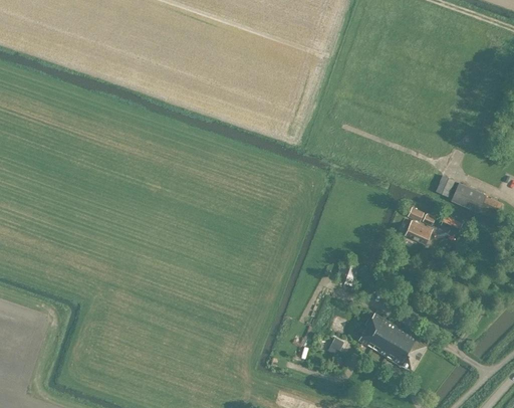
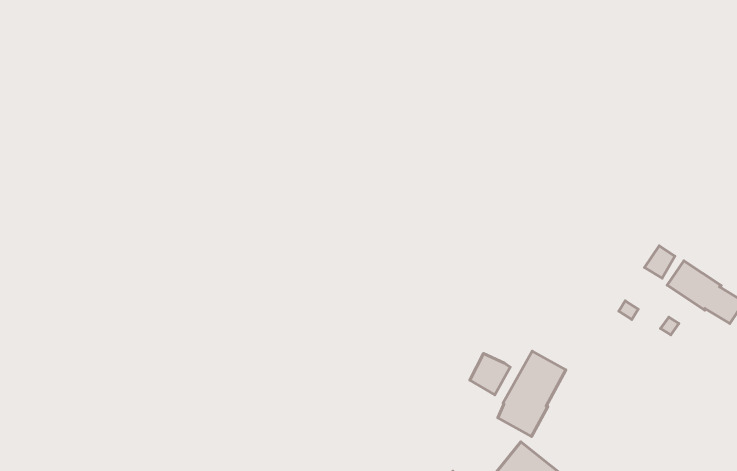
building: [405,219,431,243] -> none
building: none -> [498,351,566,436]

